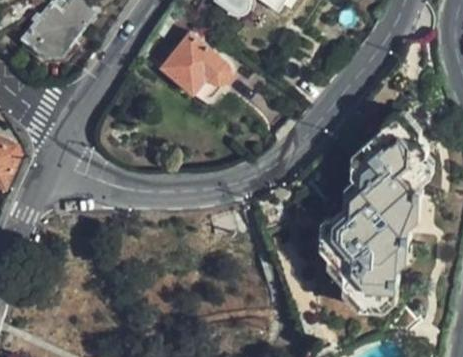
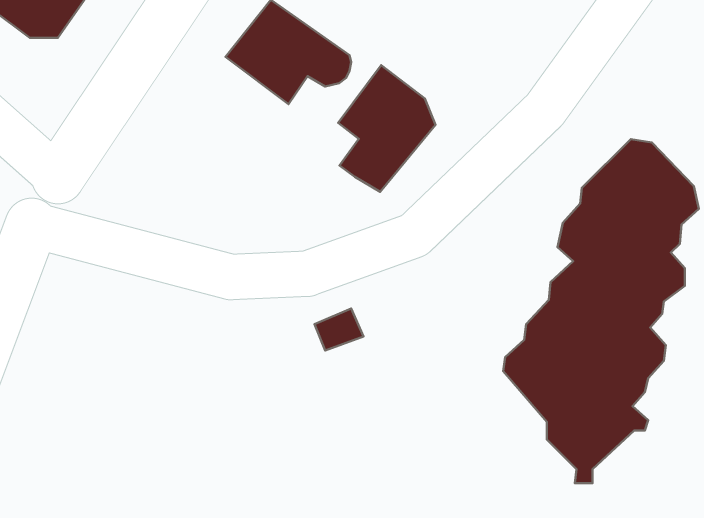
building: none -> [338,65,435,192]

